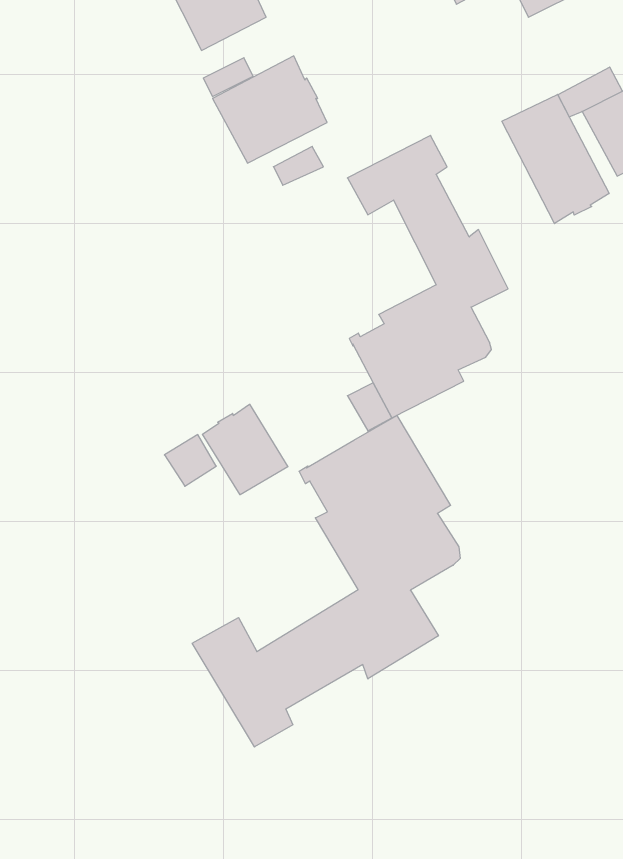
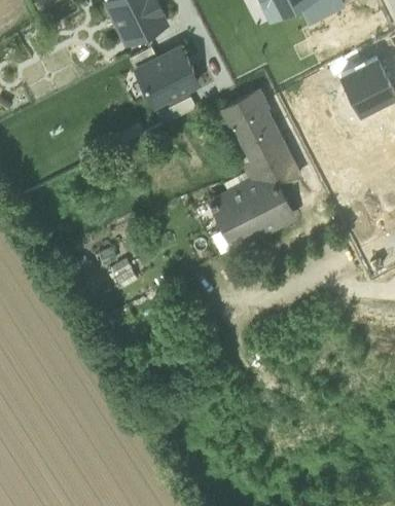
building: [502,94,609,224] -> none
building: [202,404,288,495] -> none
building: [192,415,460,747] -> none

